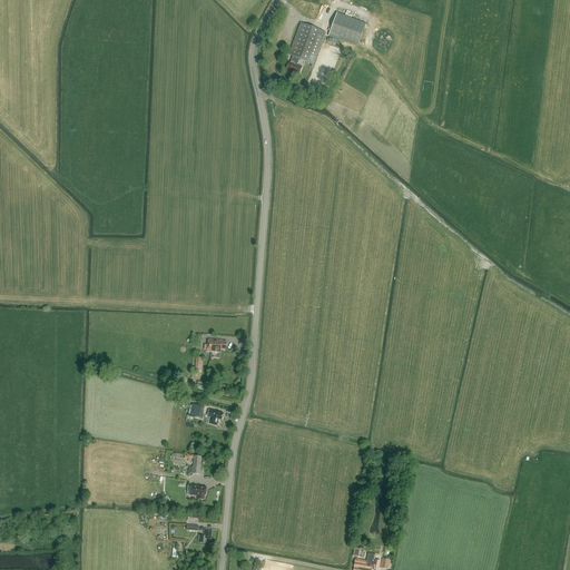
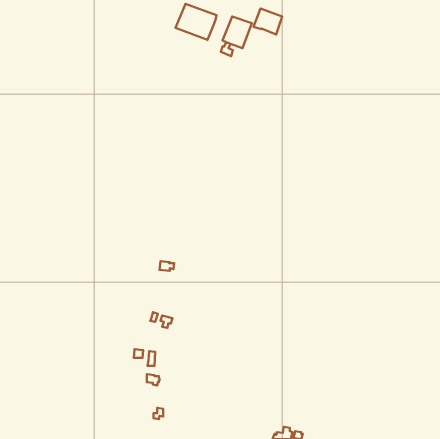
building: none -> [175,4,217,40]

